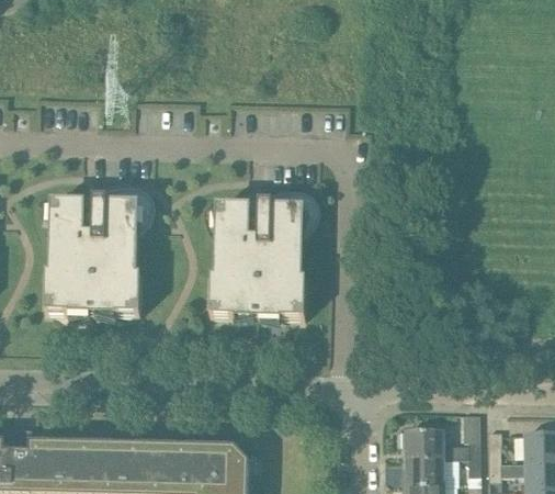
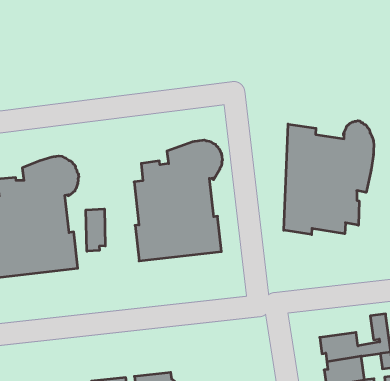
building: none -> [284,121,374,235]
building: none -> [86,209,105,251]

